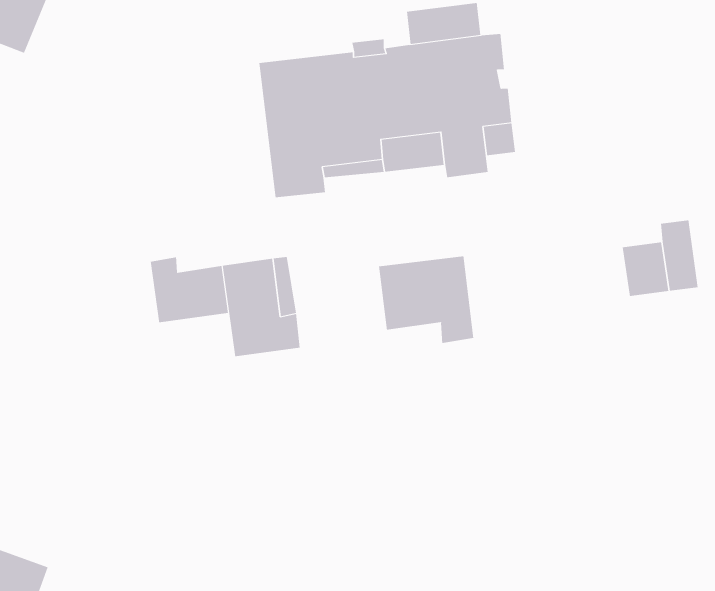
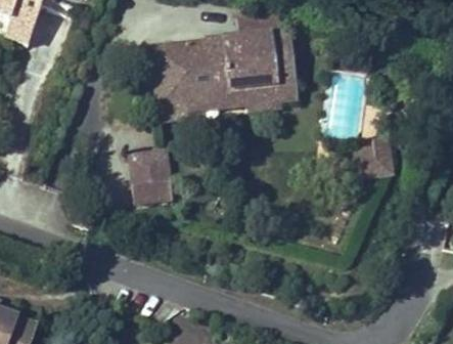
building: [379,255,474,344] -> none
building: [150,256,228,323] -> none

